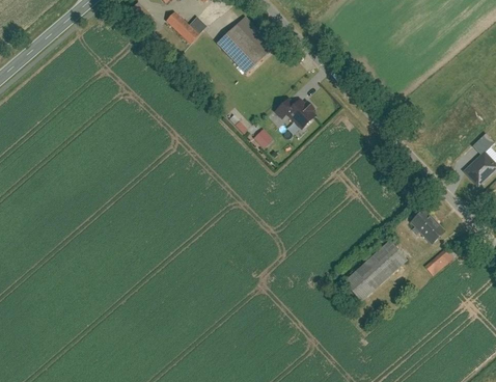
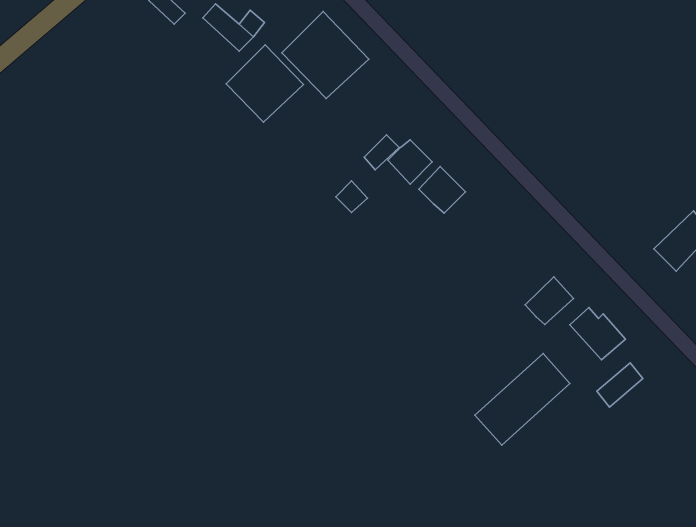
building: none -> [226,45,303,122]
building: none -> [419,166,465,213]
building: none -> [525,277,574,325]

